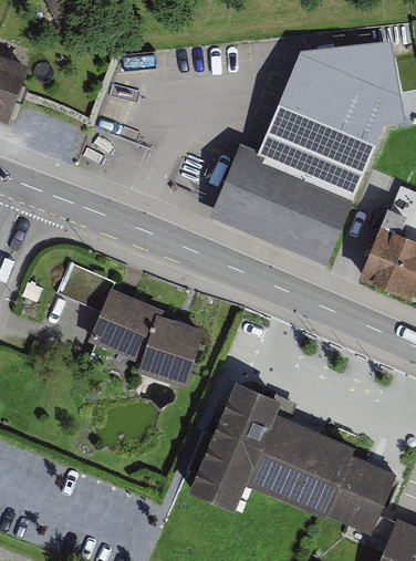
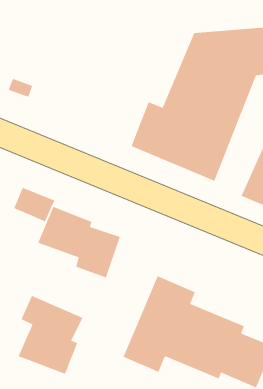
building: none -> [17,295,83,375]

